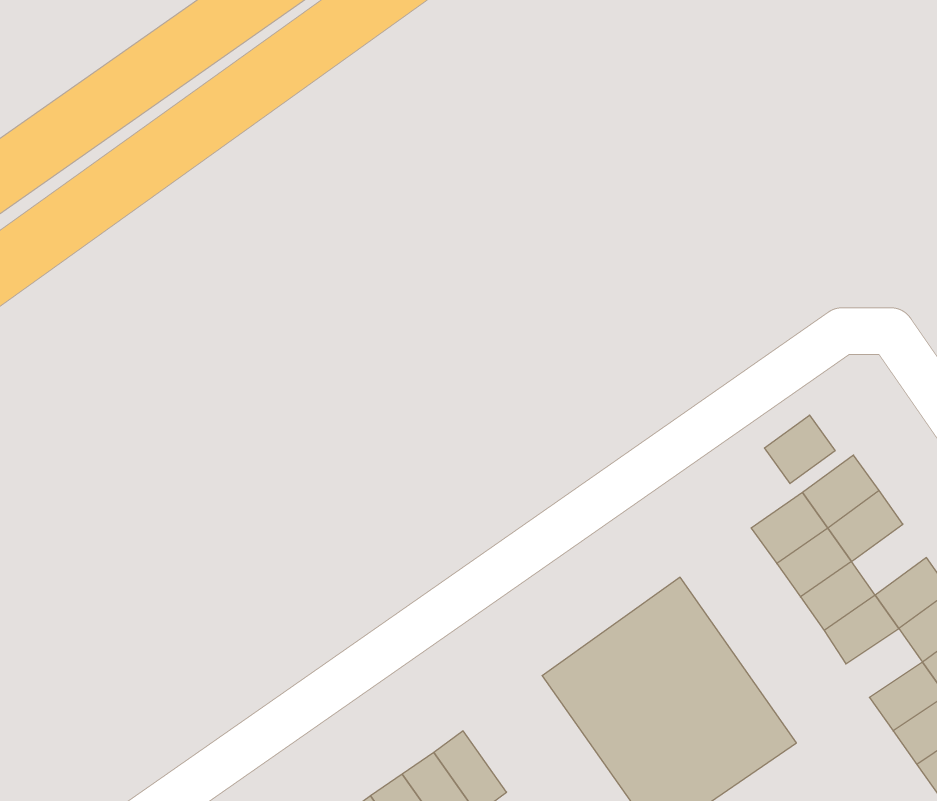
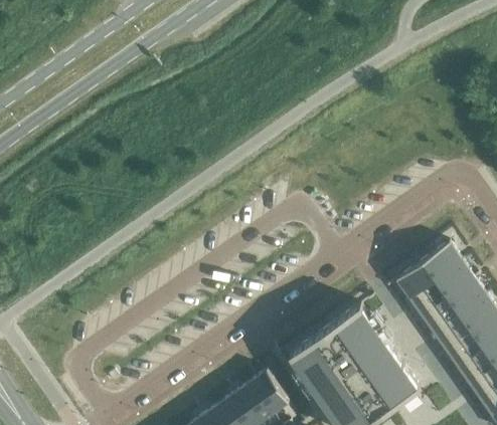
building: [764,415,835,484] -> none
building: none -> [448,277,486,313]
building: none -> [445,331,484,366]
building: none -> [250,371,289,414]

